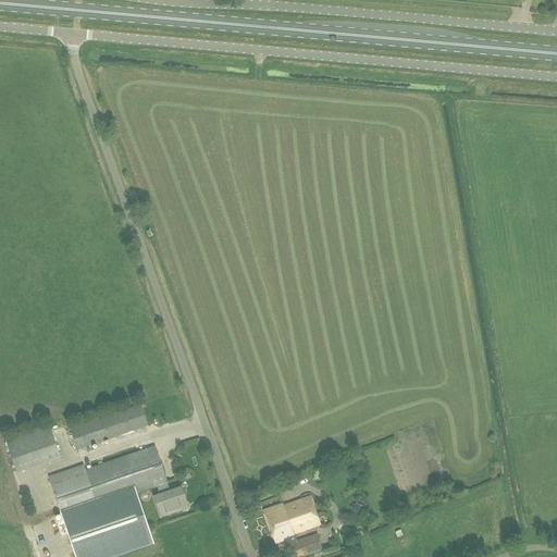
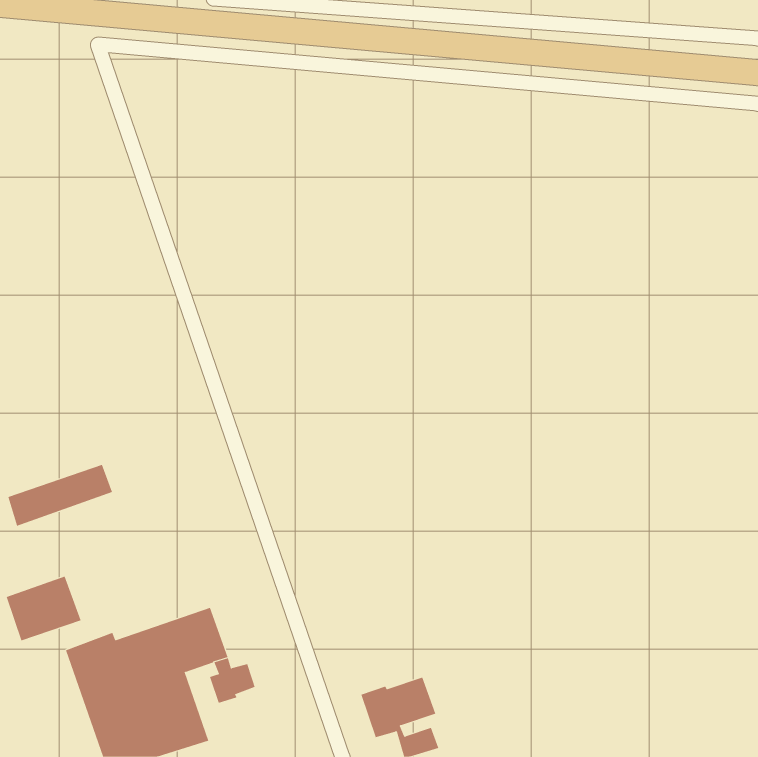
building: [71,404,148,449] -> [8,464,113,526]

